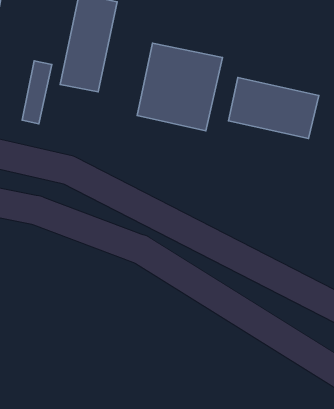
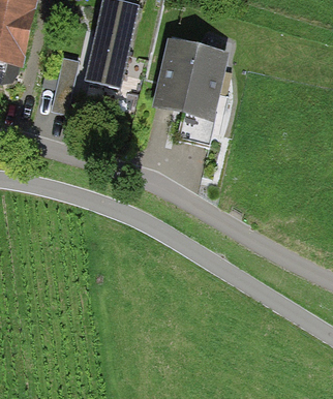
building: [228,77,319,139] -> none

